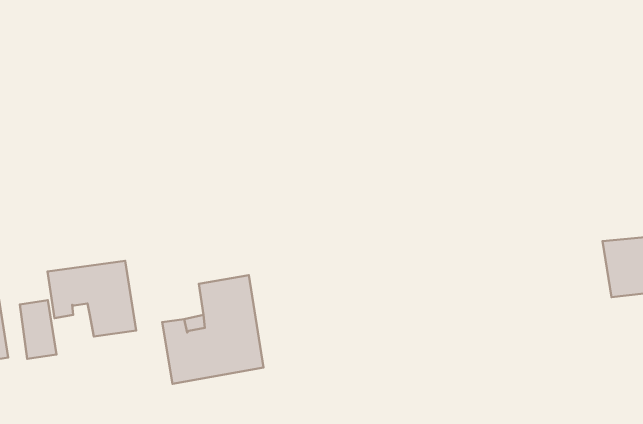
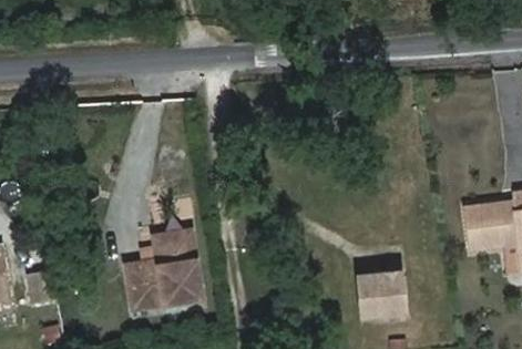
building: [48,261,136,337] -> none
building: none -> [355,269,405,318]

